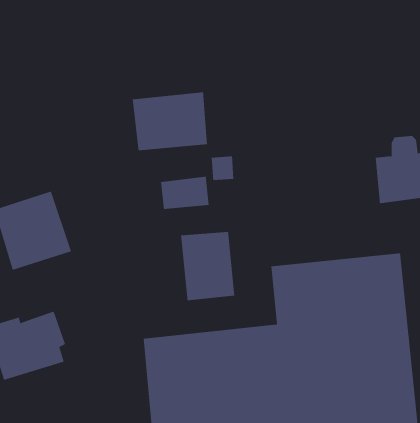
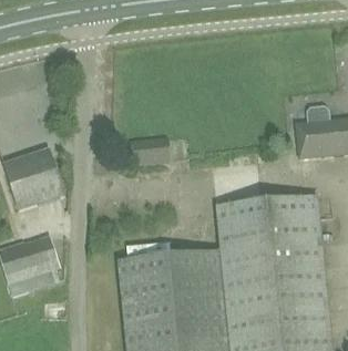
building: [132,92,208,151] -> none
building: [180,231,235,301] -> none

